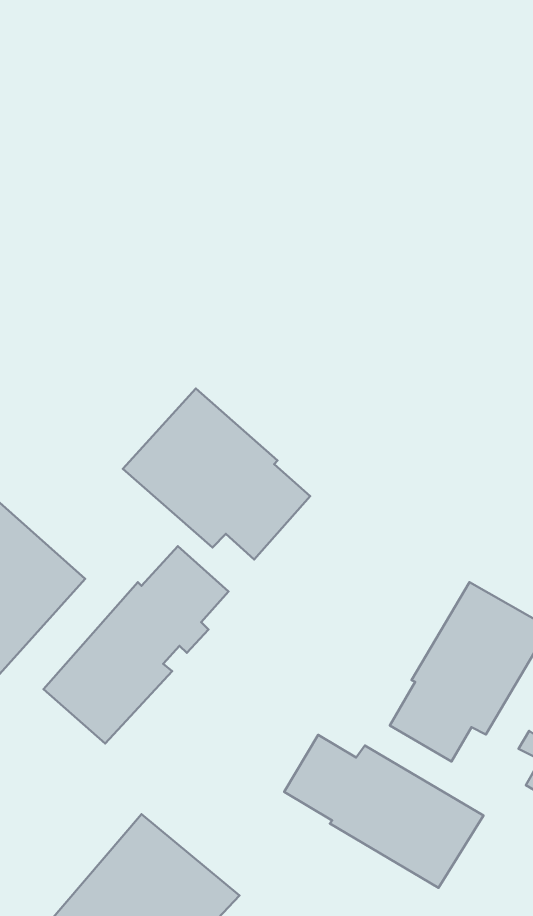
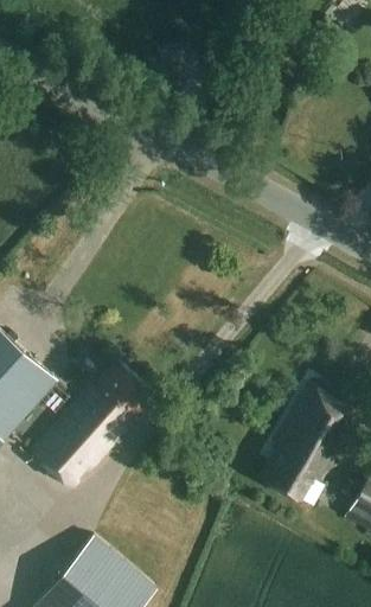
building: [123,389,310,559] -> none
building: [284,735,483,888] -> none

